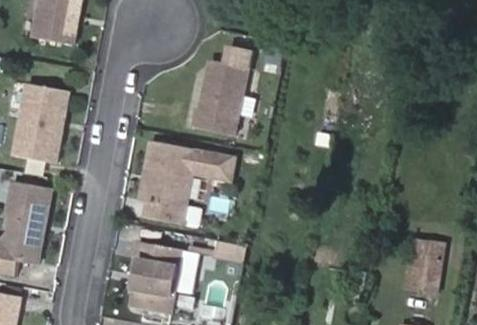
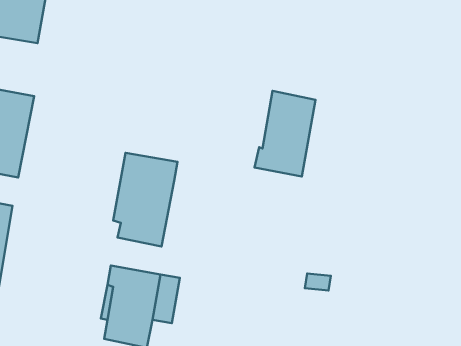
building: [194,60,248,136] -> [255,91,315,177]
building: [194,149,233,178] -> none
building: [406,242,442,293] -> none

